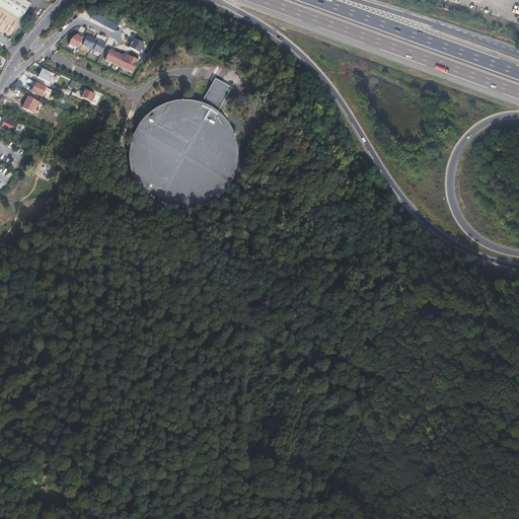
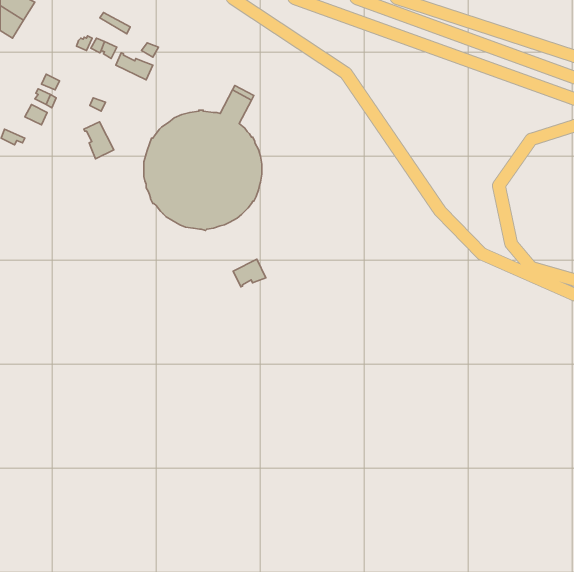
building: none -> [84,122,114,159]
building: none -> [233,259,266,287]

